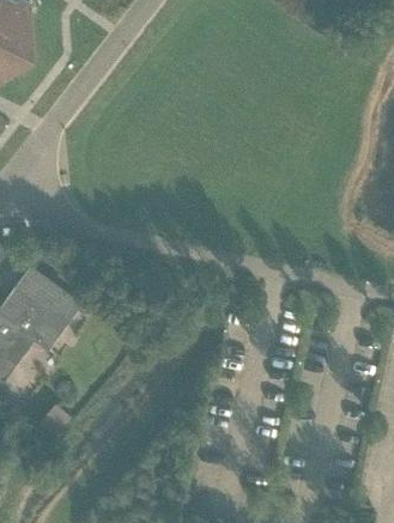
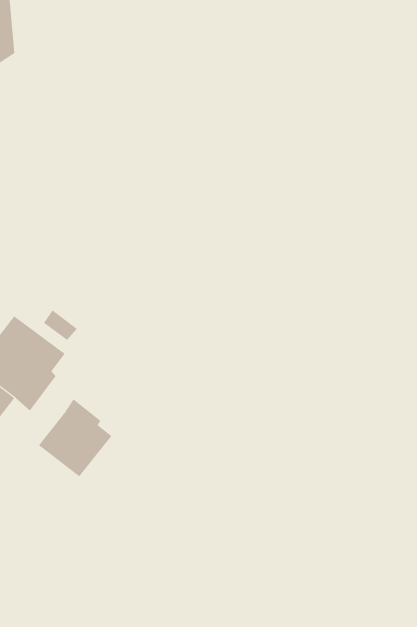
building: none -> [38,399,112,477]

